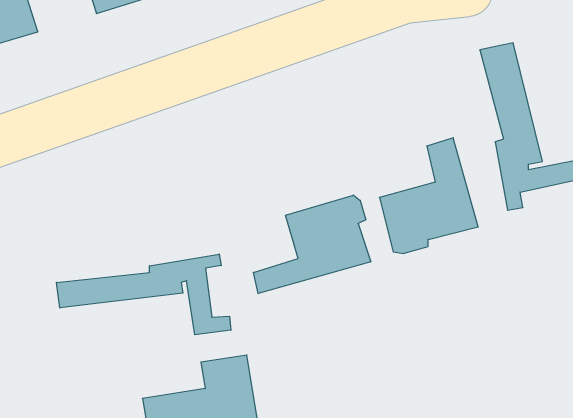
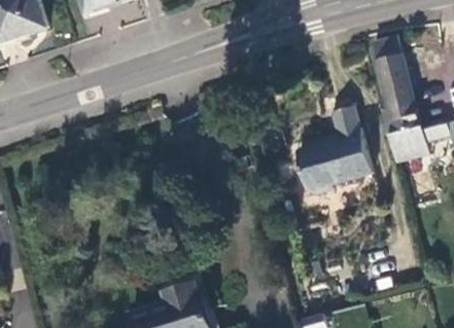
building: [253,195,371,294] -> none
building: [56,254,231,335] -> none

